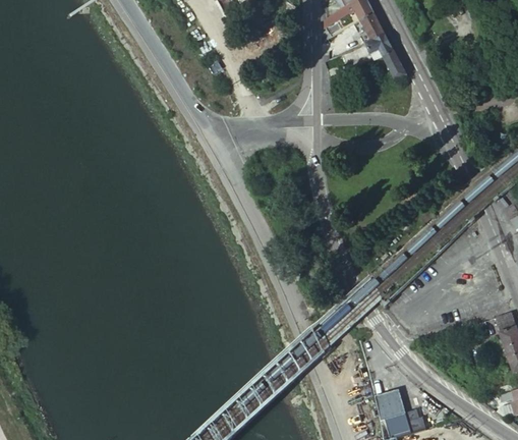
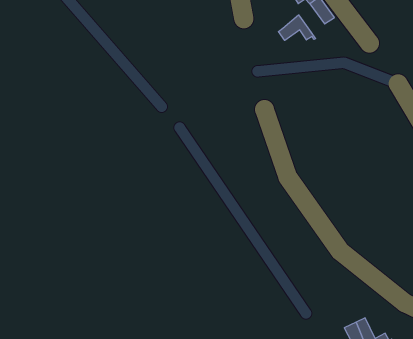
building: none -> [278,15,316,40]

